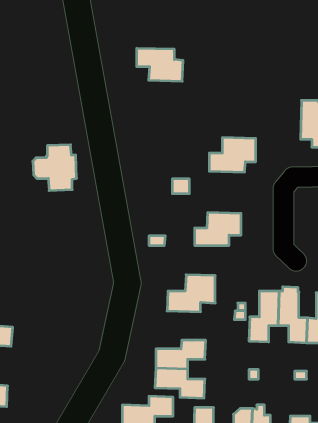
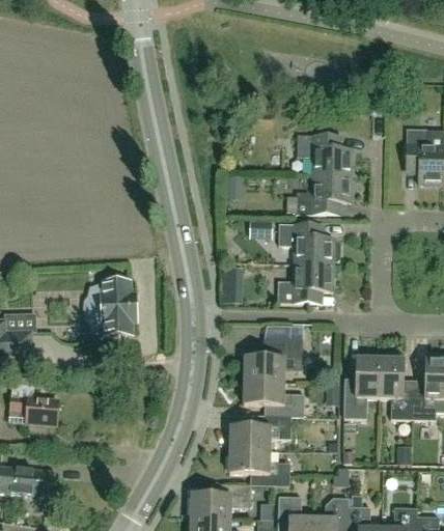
building: [137,48,183,81] -> [296,134,352,173]
building: [33,145,77,191] -> [84,280,137,335]
building: none -> [277,223,339,263]
building: none -> [244,381,303,417]

